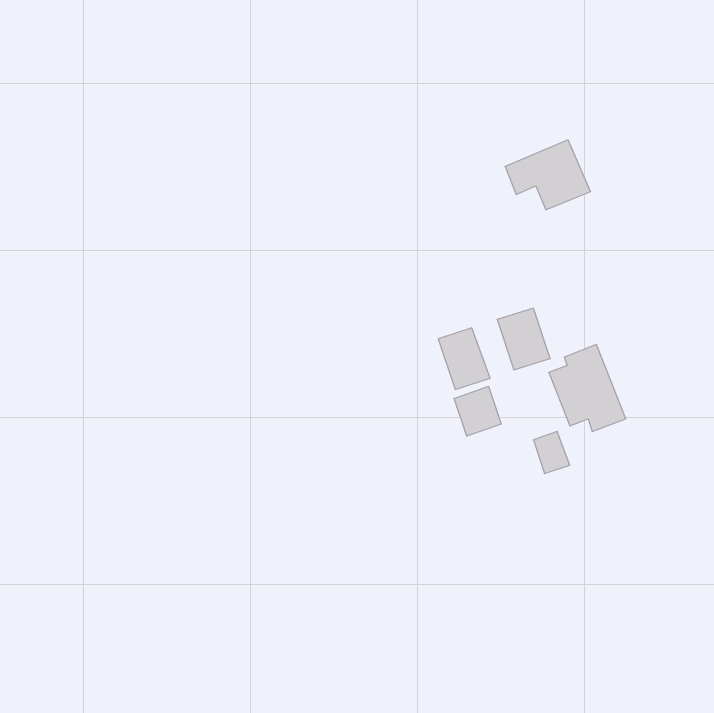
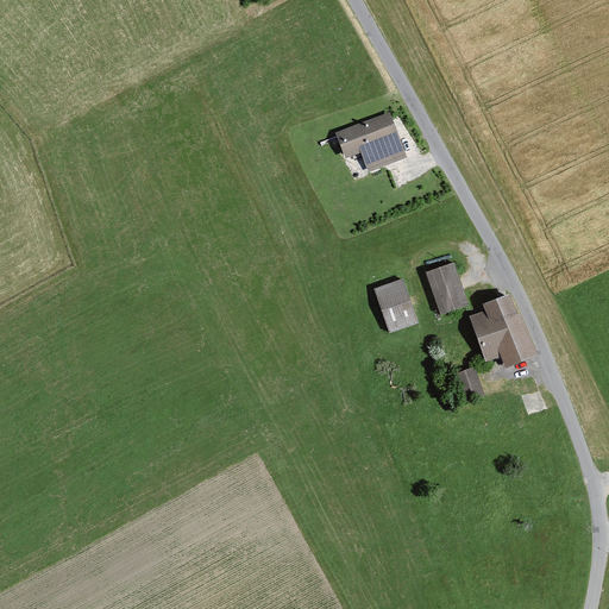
building: [505,140,591,210] -> [333,111,406,170]
building: [454,386,501,436] -> none

